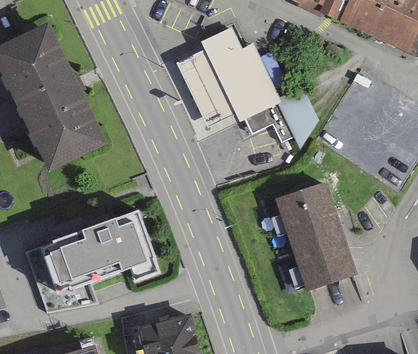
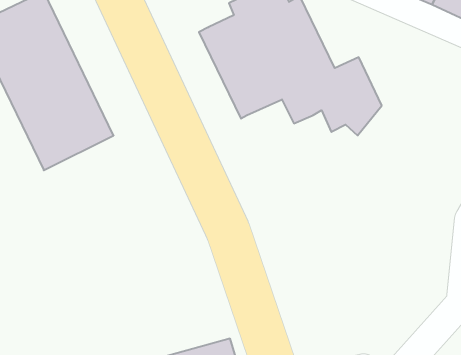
building: [278,179,368,290] -> none
building: [37,212,156,294] -> none

